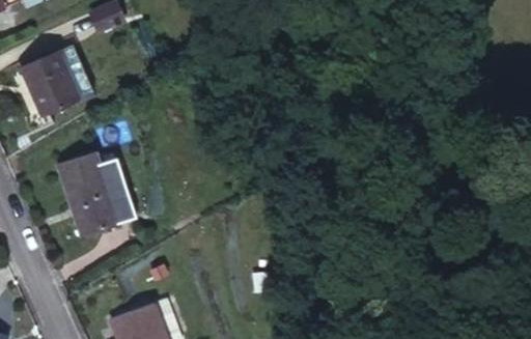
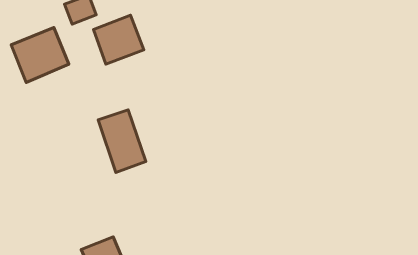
building: none -> [94,15,144,64]
building: [61,156,120,233] -> [98,110,146,173]

